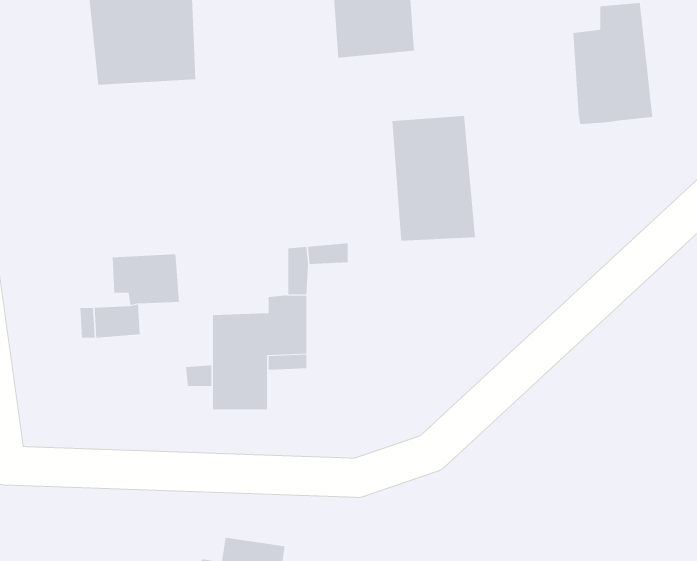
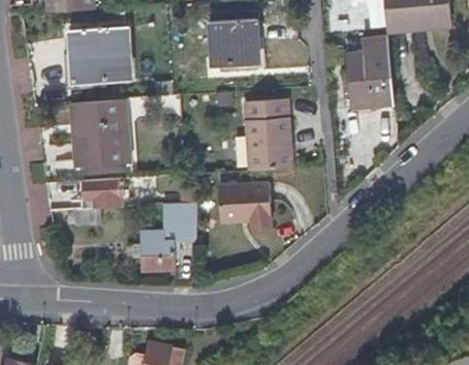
building: none -> [69,100,129,171]
building: none -> [219,184,273,226]

